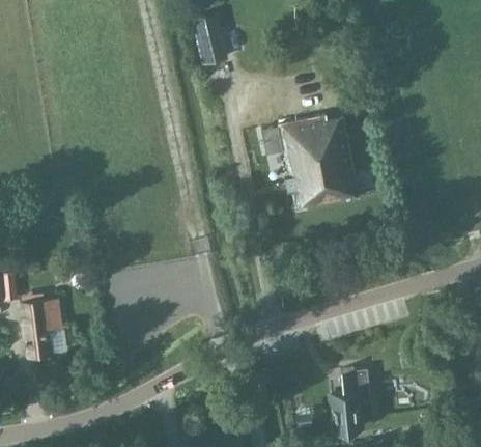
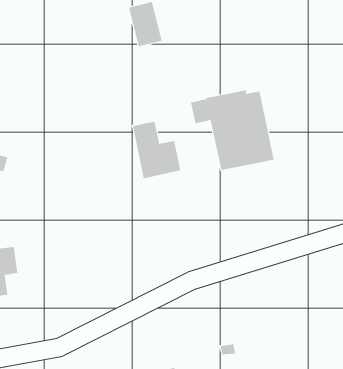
building: none -> [132,121,181,179]
building: [332,368,371,431] -> none

